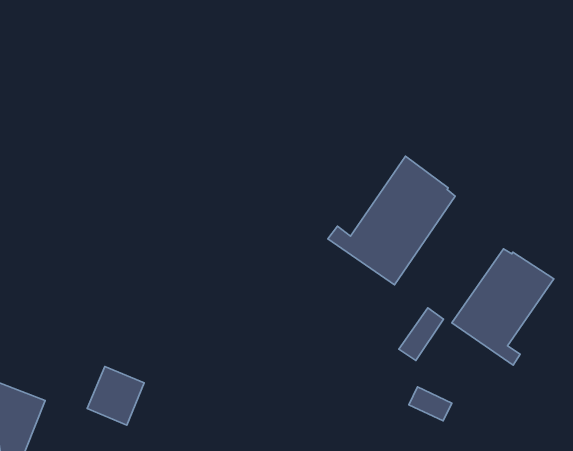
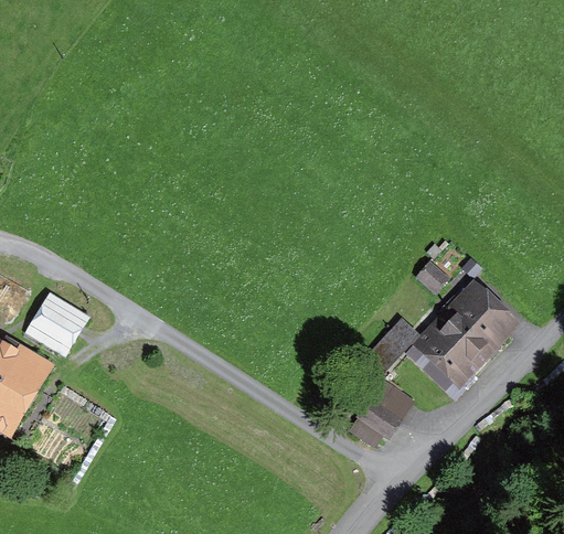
building: [328,156,455,285] -> none
building: [87,366,144,425] -> [32,297,85,351]

